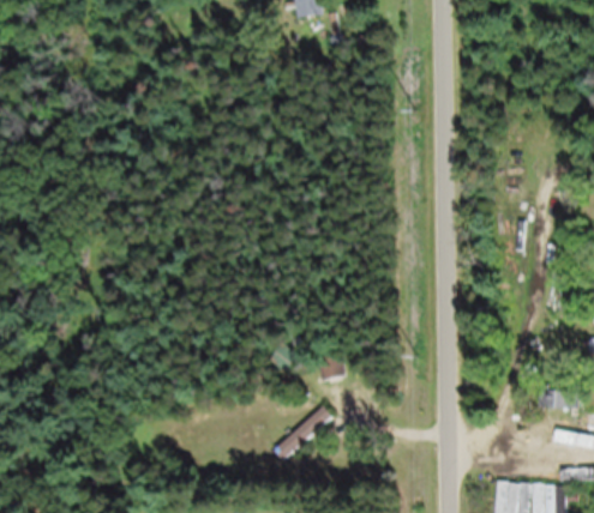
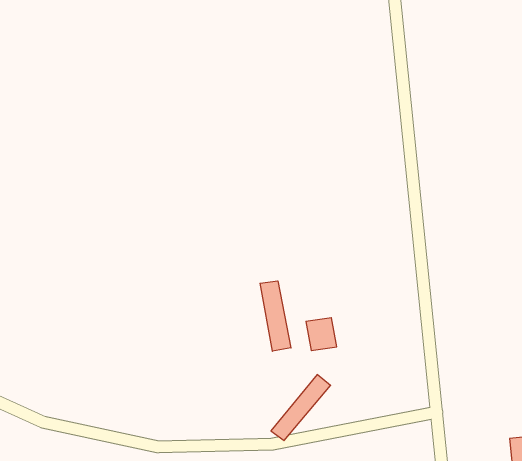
building: none -> [260,281,291,351]

